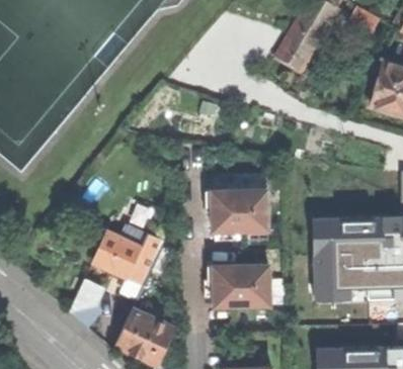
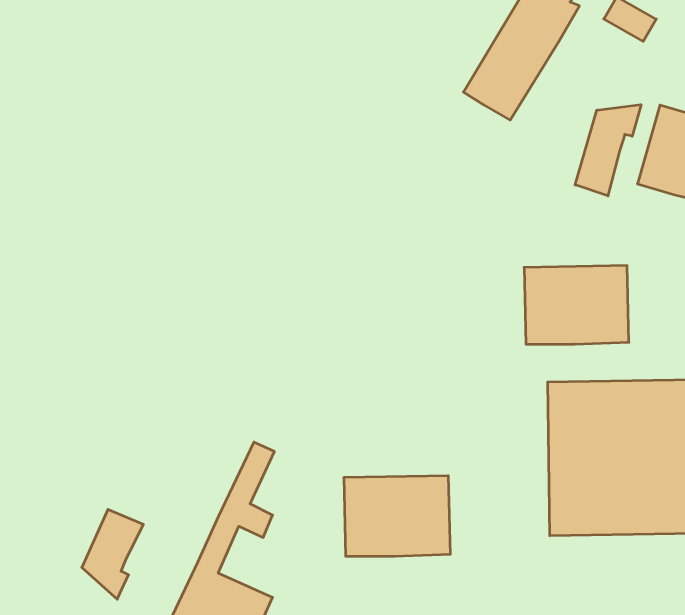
building: none -> [575,105,641,196]
building: [210,190,266,233] -> [524,266,629,344]
building: [92,219,164,286] -> none

